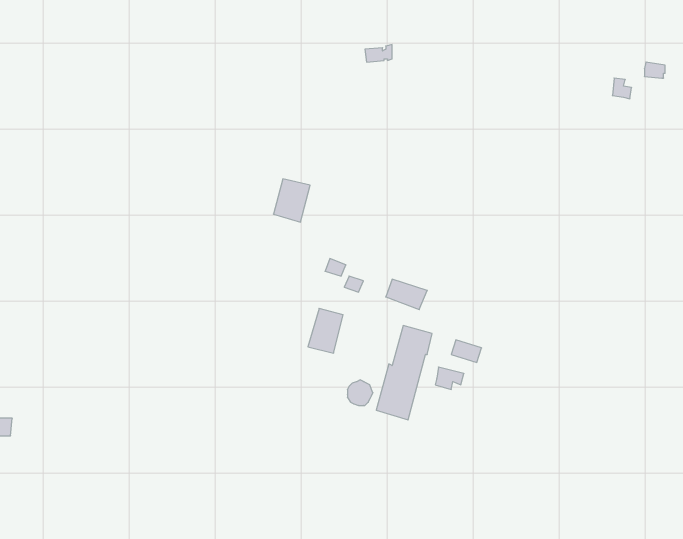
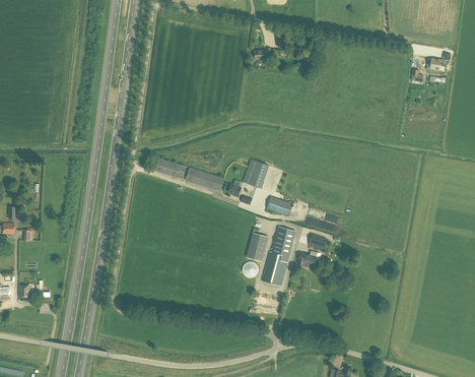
building: [273,179,310,222] -> [243,158,266,185]
building: [308,308,343,353] -> [246,233,268,261]

